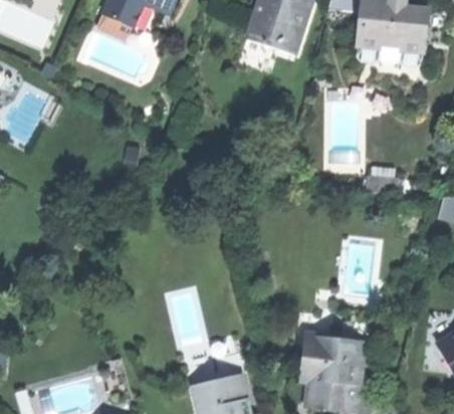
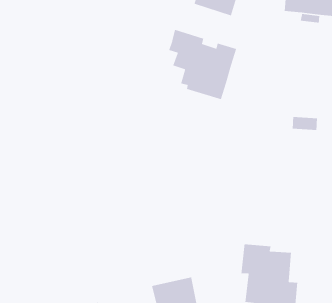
building: none -> [168,29,237,100]

